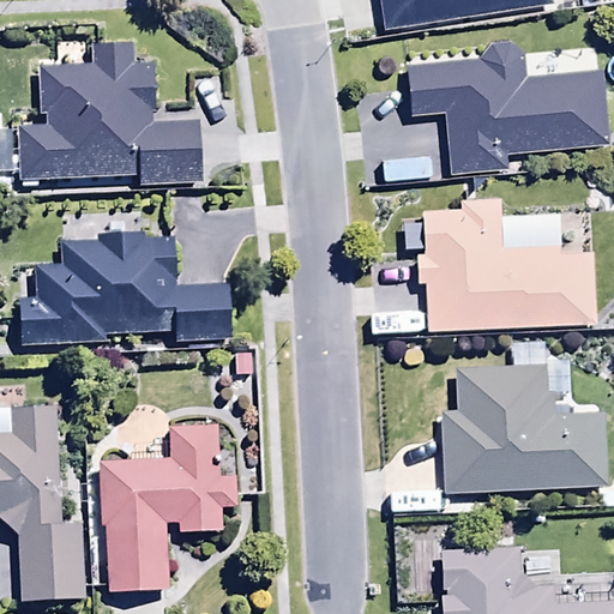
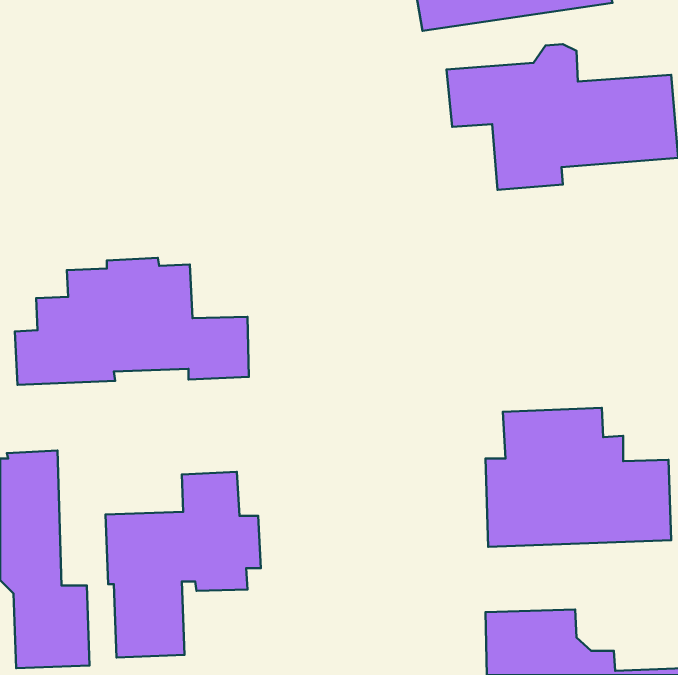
building: [18,40,203,186] -> none
building: [415,194,594,331] -> none

